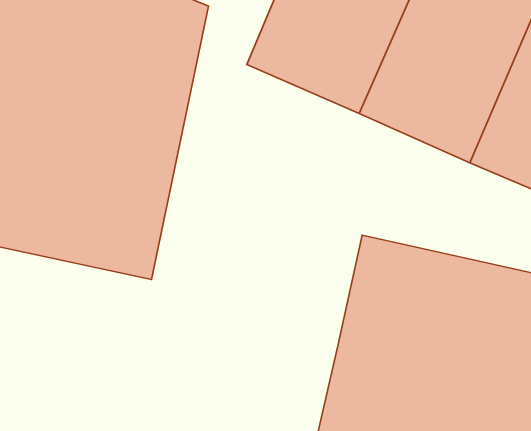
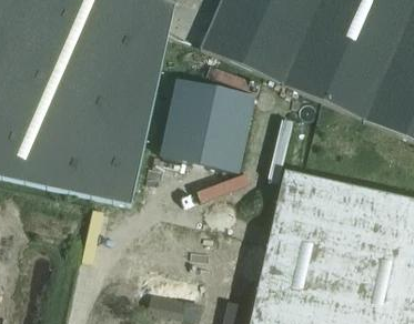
building: none -> [162,79,253,172]

